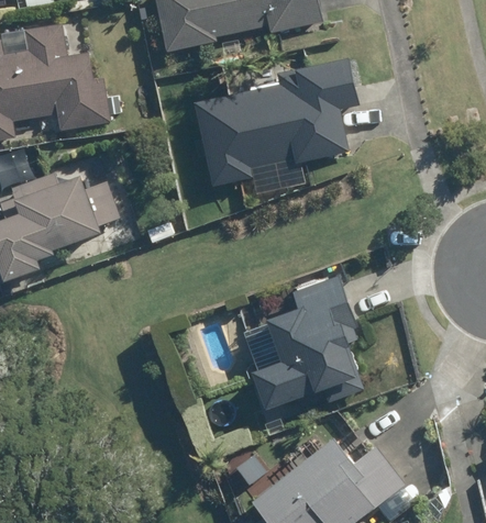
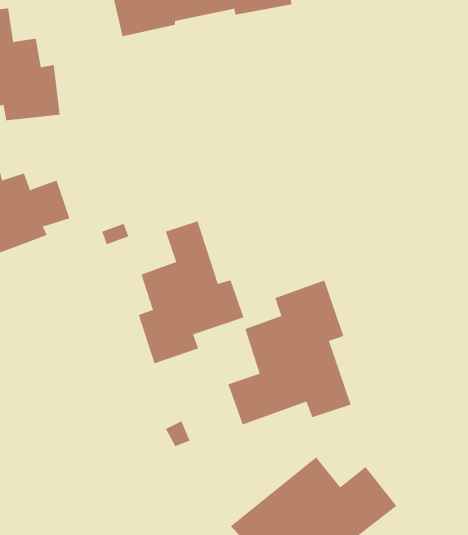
building: [190,59,355,186] -> none
building: none -> [138,220,244,364]

